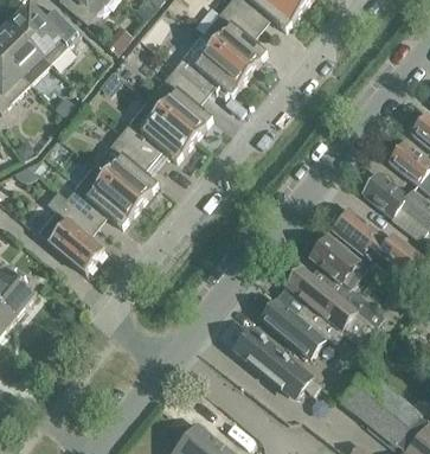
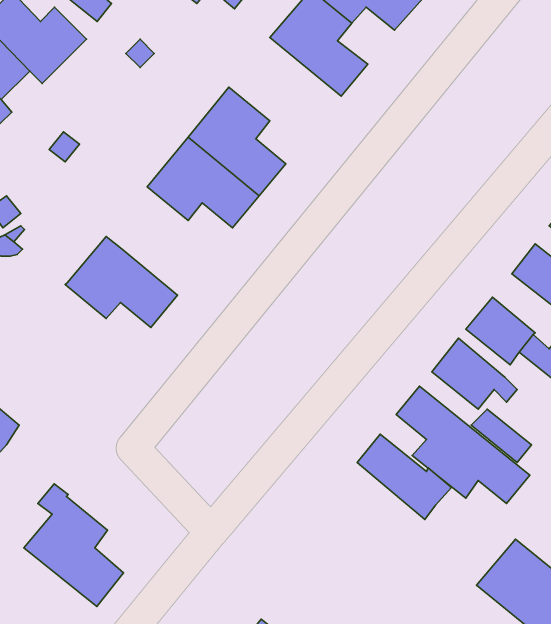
building: [174,34,249,96] -> none
building: [103,134,158,206] -> none
building: [37,191,103,273] -> [24,484,123,607]
building: [235,328,320,401] -> none

